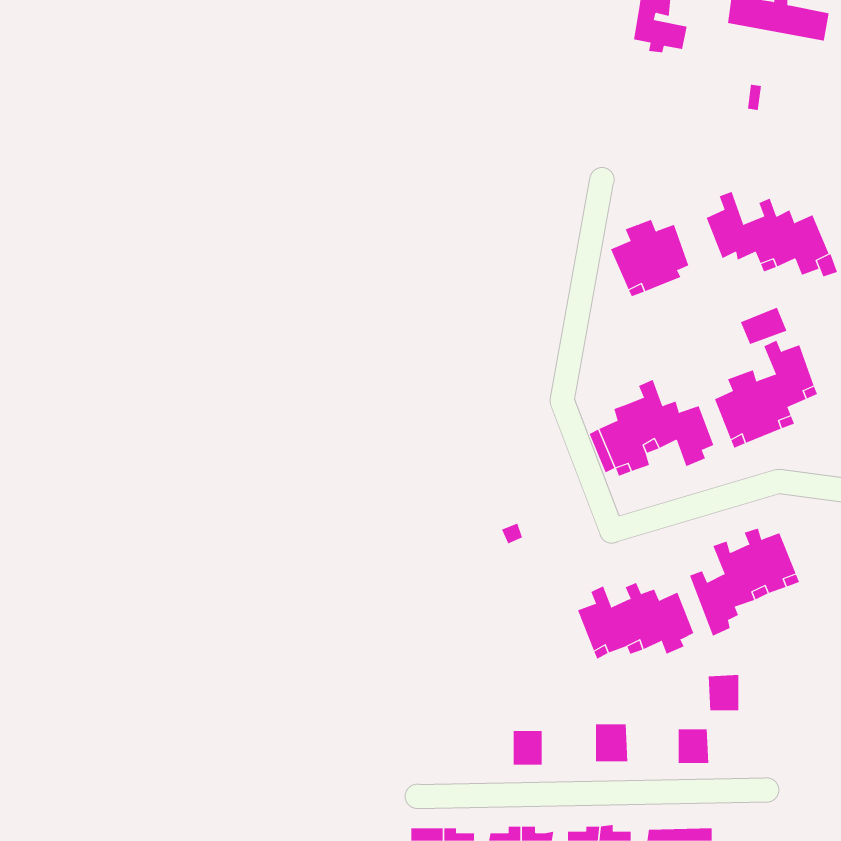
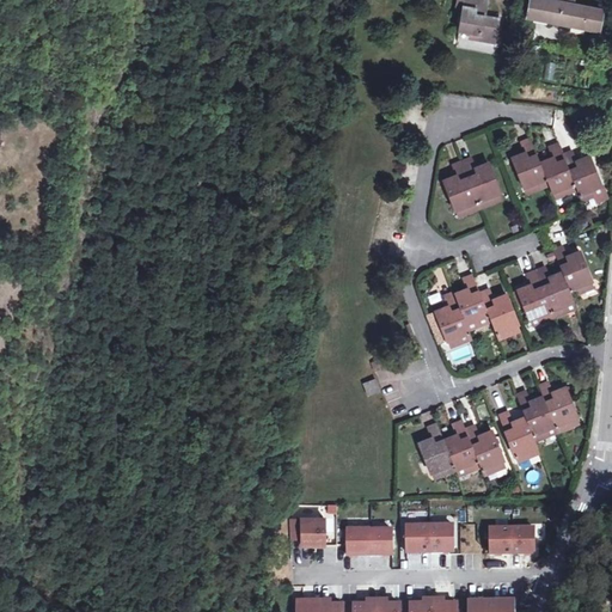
building: [740,307,787,345] -> none
building: [708,674,739,711] -> [513,527,536,553]
building: none -> [290,518,324,545]
building: none -> [408,525,432,552]
building: none -> [349,528,372,555]

